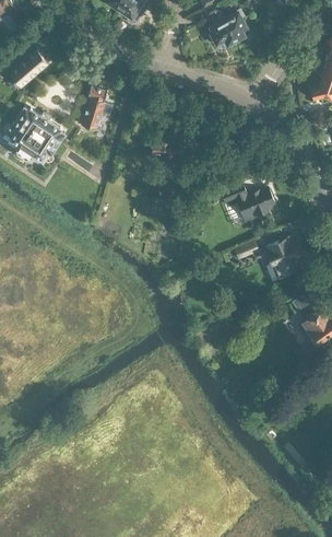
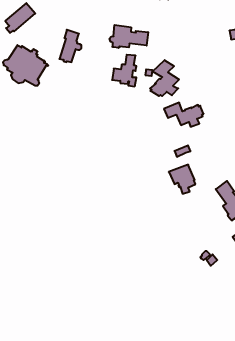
building: none -> [110,25,148,48]
building: none -> [150,60,179,96]
building: [265,237,301,277] -> [169,165,195,194]

